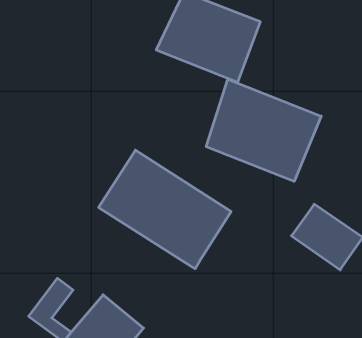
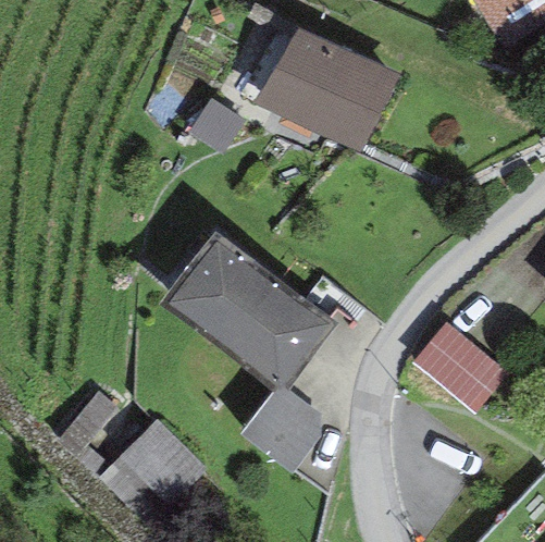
building: [206,79,321,181] -> none
building: none -> [239,383,322,470]

